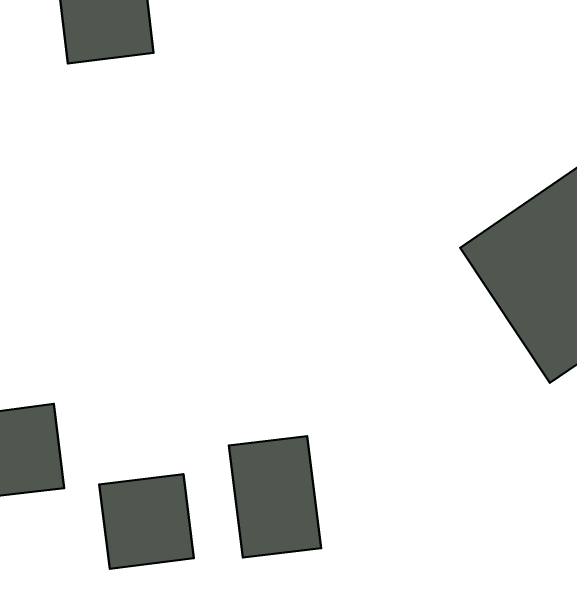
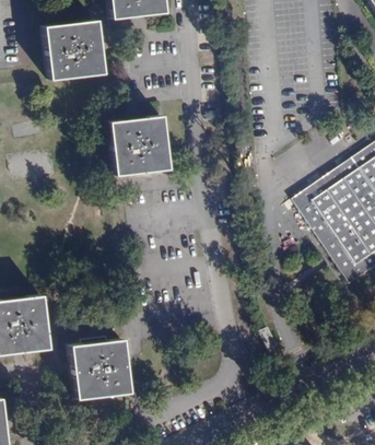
building: none -> [110,115,171,174]
building: [229,436,321,558] -> none

